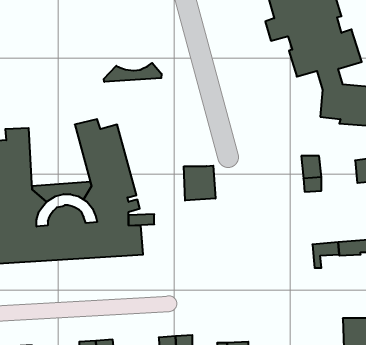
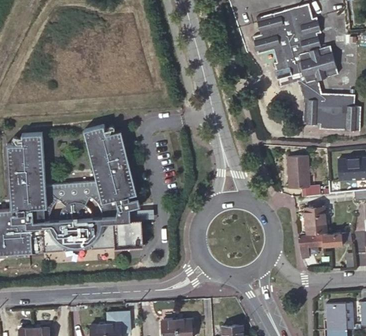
building: [104,63,162,82] -> none
building: [184,166,215,201] -> none
building: none -> [303,207,323,234]

